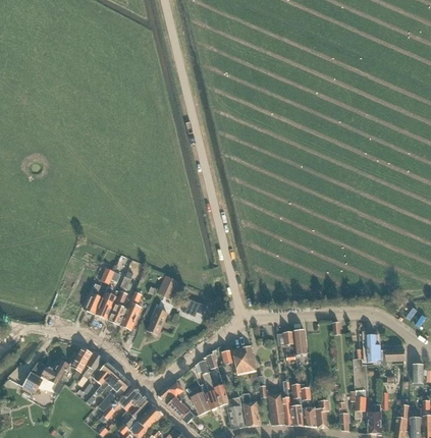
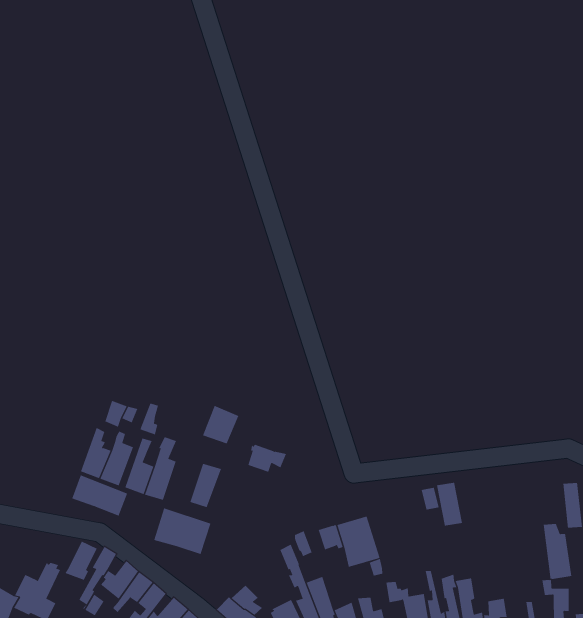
building: none -> [71,475,128,516]
building: none -> [154,507,211,555]

